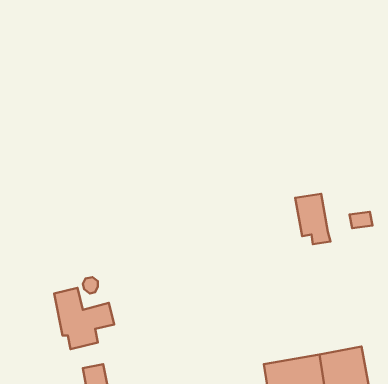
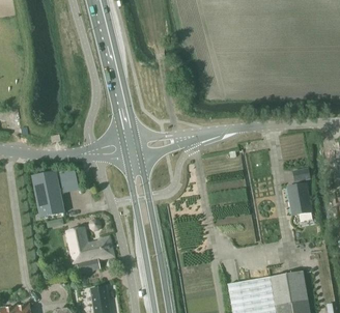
building: [295,194,331,244] -> [286,182,313,221]
building: none -> [31,170,64,217]

